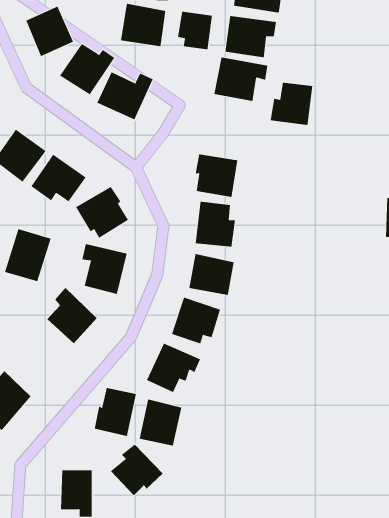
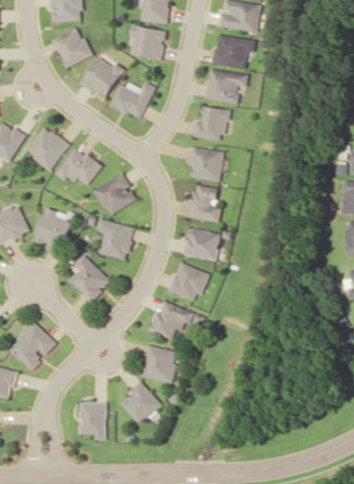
building: [177,11,213,50] -> none
building: [270,82,313,126] -> [192,106,227,141]
building: [94,387,137,437] -> none

